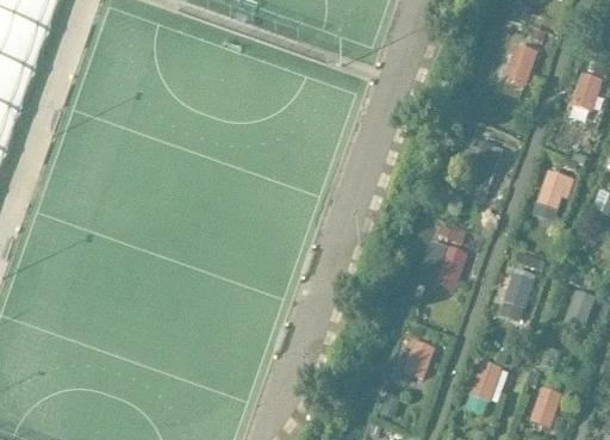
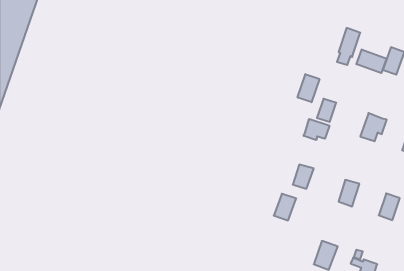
building: none -> [356,49,387,73]
building: none -> [298,74,319,102]
building: none -> [304,119,329,140]
building: [402,339,435,378] -> [274,194,296,220]

